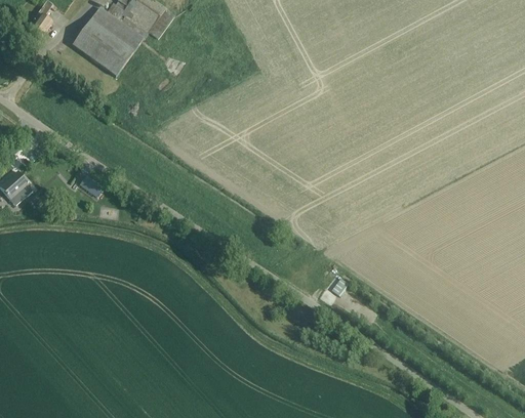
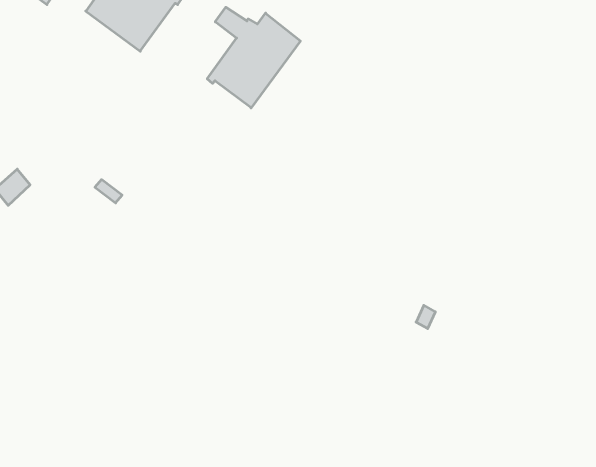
building: none -> [207,7,300,108]

